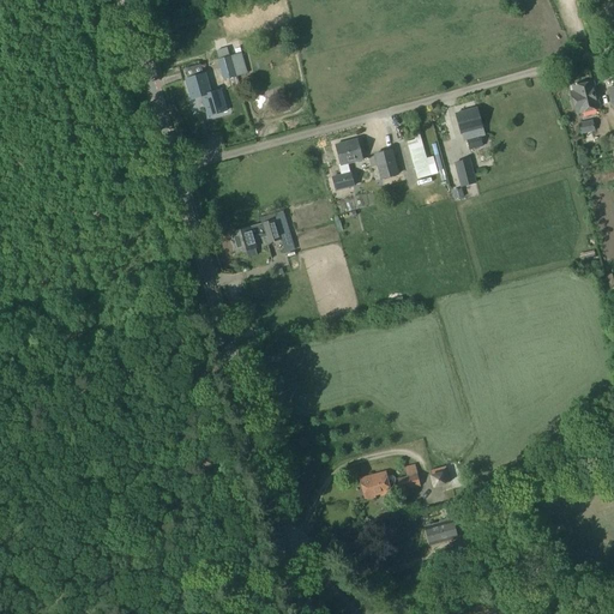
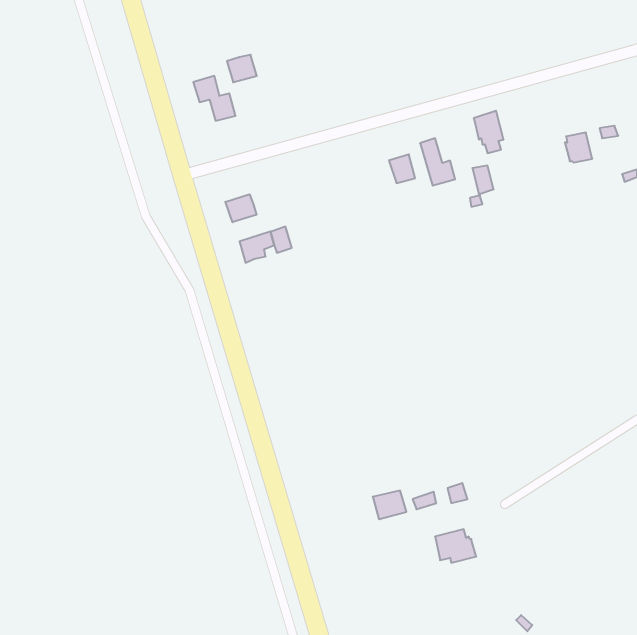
building: [571,83,597,112] -> [565,133,592,163]
building: [333,139,360,191] -> none
building: none -> [225,194,257,222]

